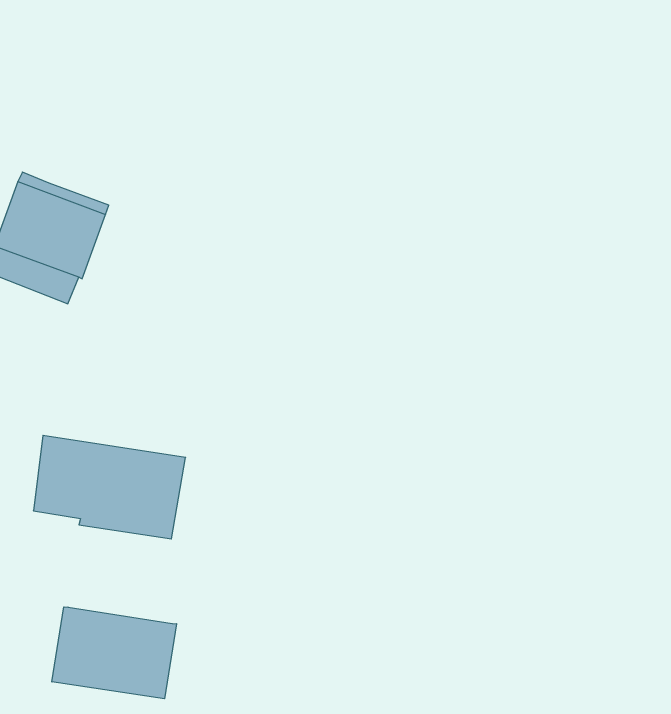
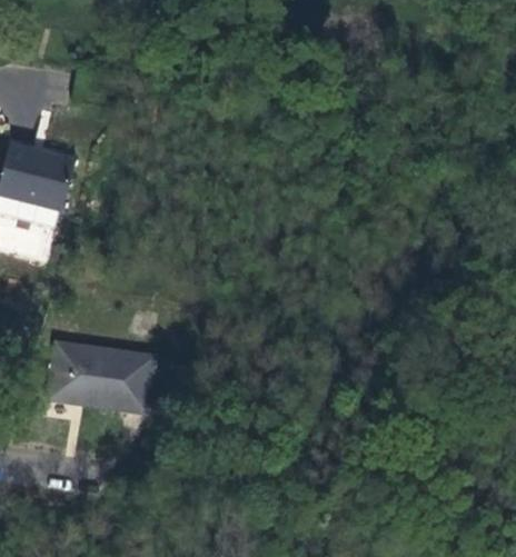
building: [52,607,177,699] -> none

